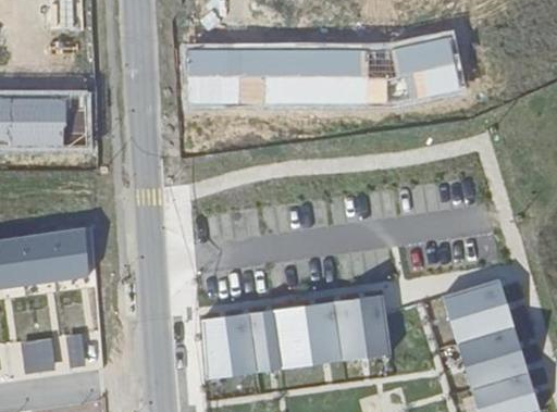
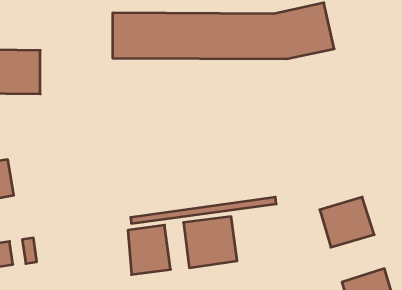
building: [47,228,85,278] -> none
building: [332,299,387,362] -> none
building: [247,313,278,373] -> none
building: [459,328,528,389] -> none

